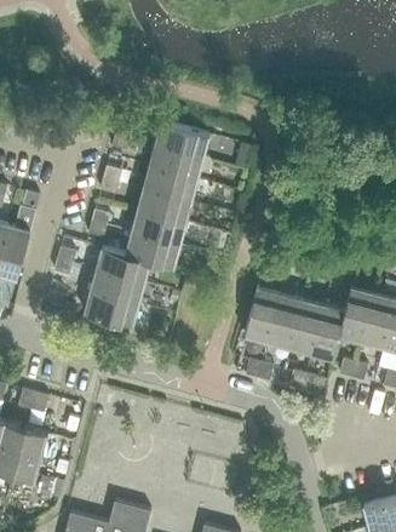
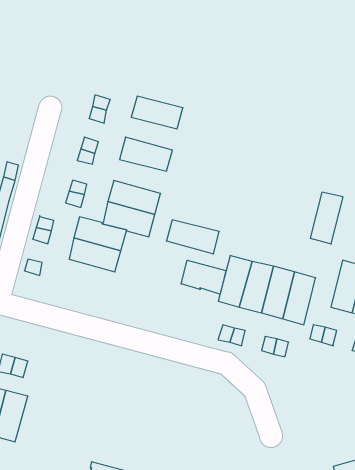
building: [149,144,202,178] -> none
building: [137,188,191,223] -> [166,220,219,254]
building: [339,287,373,341] -> [310,192,343,244]
building: [84,291,138,327] -> none
building: none -> [181,260,226,294]

